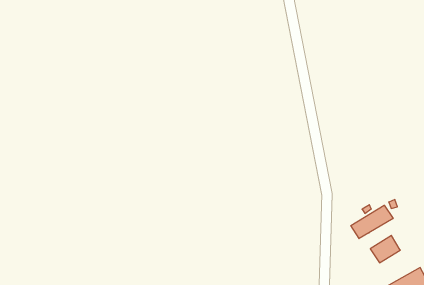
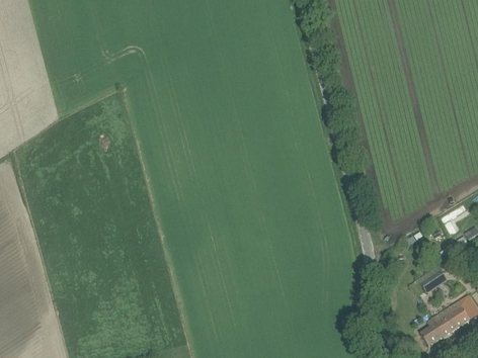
building: [351,205,393,239] -> none

